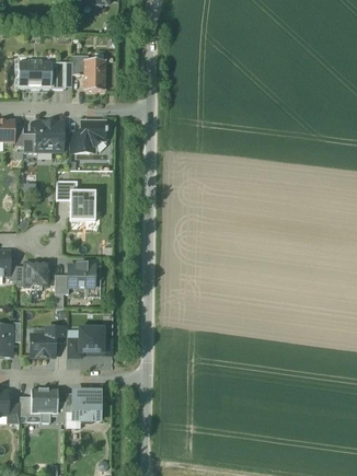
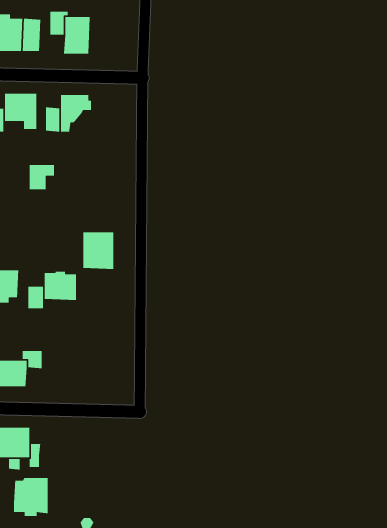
building: [70,187,95,218] -> [83,232,114,270]
building: [77,325,105,353] -> none
building: [71,390,100,421] -> [13,477,49,517]

